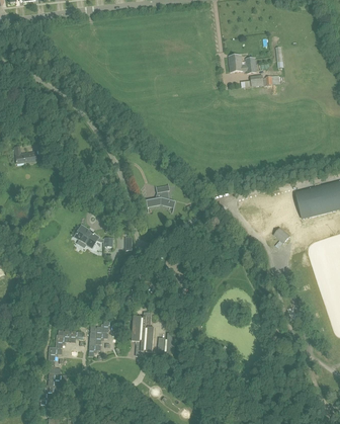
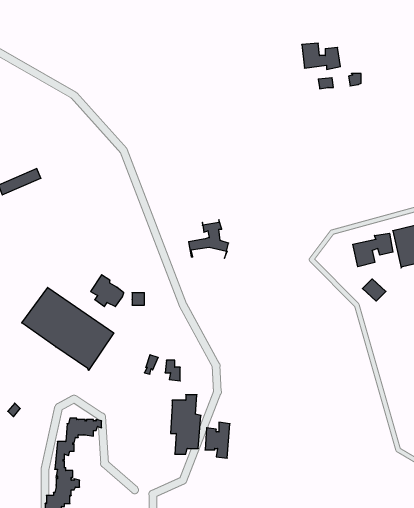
building: none -> [353,233,393,267]
building: none -> [22,287,114,370]
building: [87,320,114,355] -> none

